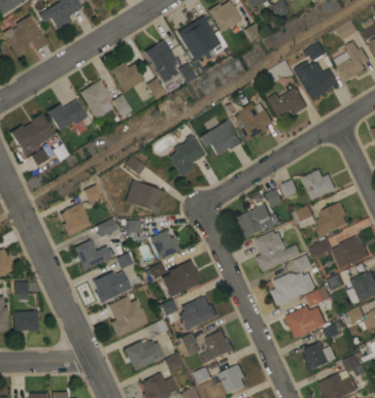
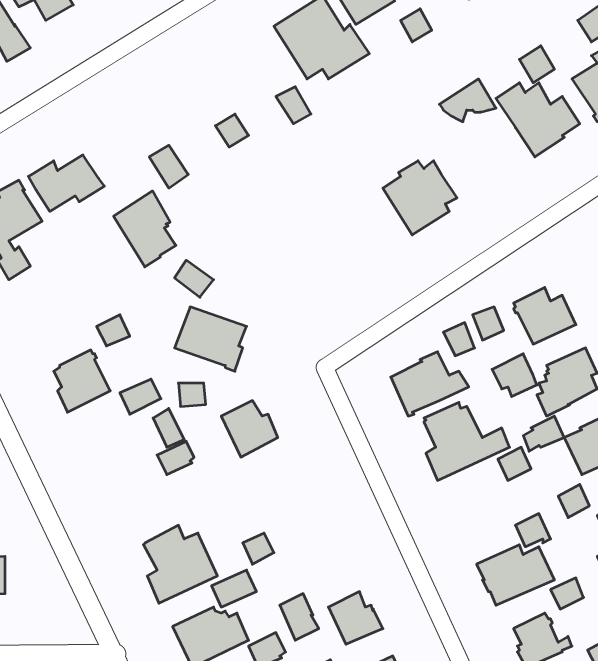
building: [145,40,179,84] -> none
building: [111,62,145,92] -> none
building: [80,79,113,120] -> [114,191,176,267]
building: [270,88,314,119] -> none
building: [205,125,245,156] -> none
building: [169,135,206,177] -> none
building: [74,240,112,270] -> none
building: [150,261,202,291] -> none
building: [94,271,132,304] -> none
building: [273,273,309,306] -> none
building: [180,297,219,332] -> none

